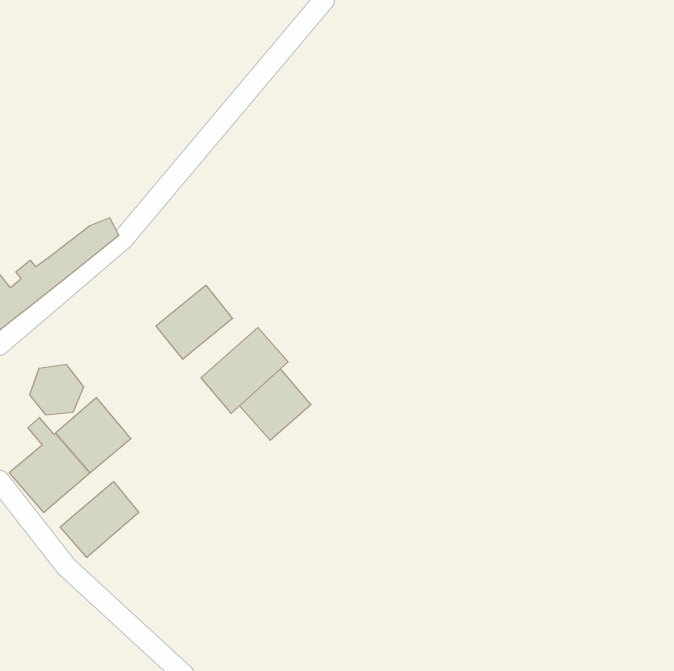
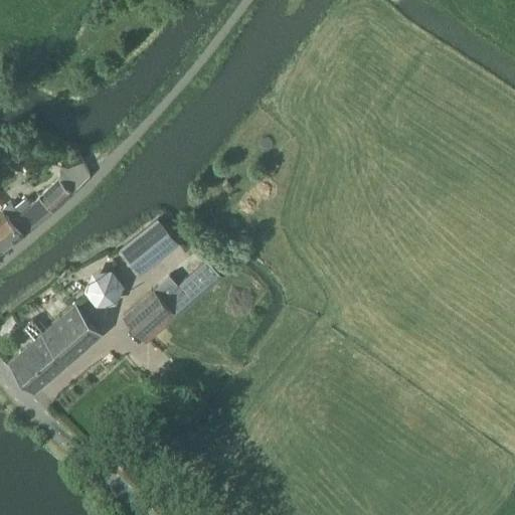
building: [30,365,84,415] -> [82,272,124,310]
building: [240,369,311,440] -> [122,291,176,345]
building: [60,482,139,558] -> none

